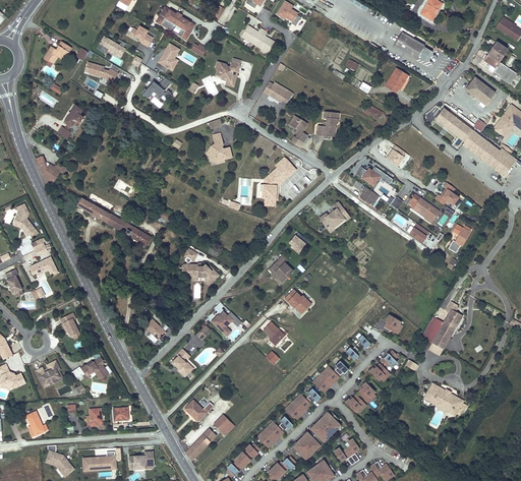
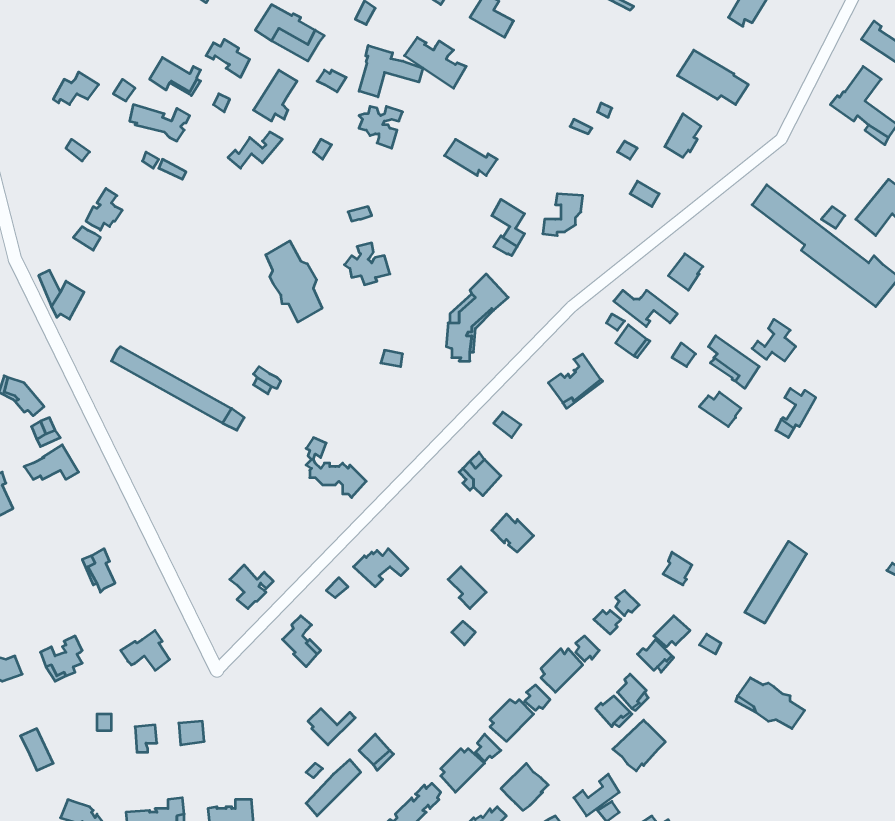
building: none -> [359,45,423,97]
building: [464,76,494,105] -> none
building: none -> [266,241,322,322]
building: [310,412,340,440] -> [613,720,665,771]

